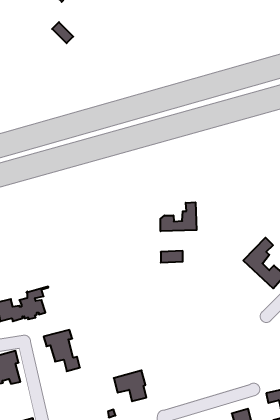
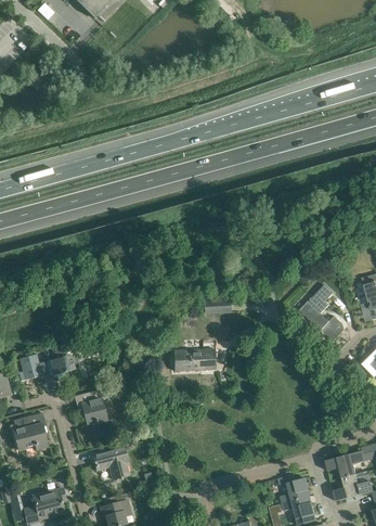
building: [160,202,197,231] -> none
building: none -> [173,348,215,371]
building: [114,370,146,401] -> [92,445,129,479]

